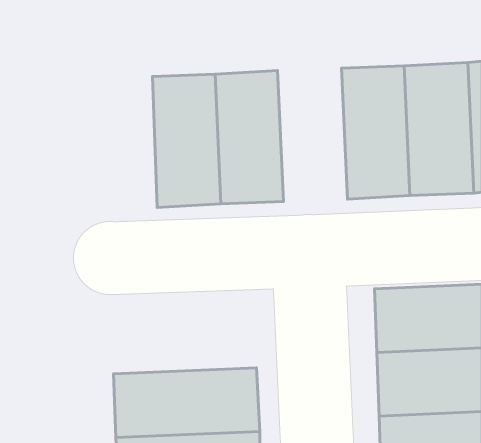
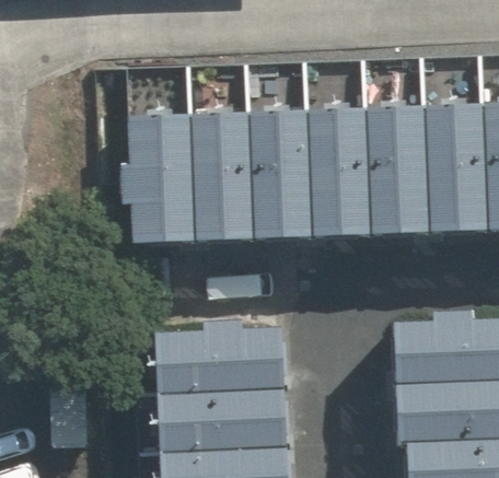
building: none -> [309,112,373,235]
building: none -> [134,119,197,243]
building: none -> [154,330,289,395]

